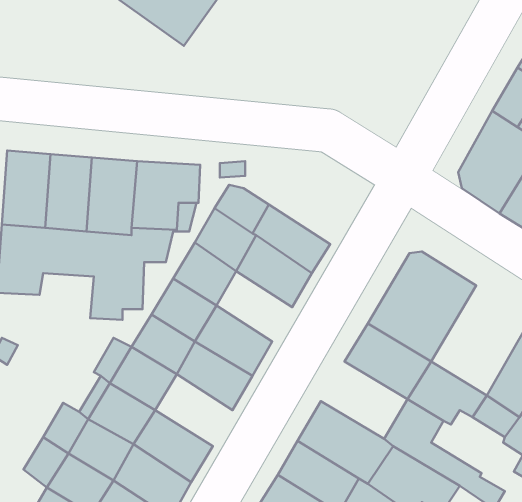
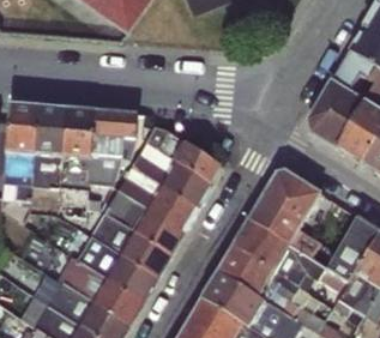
building: none -> [149,183,199,230]
building: none -> [218,243,276,295]
building: none -> [108,252,159,300]

